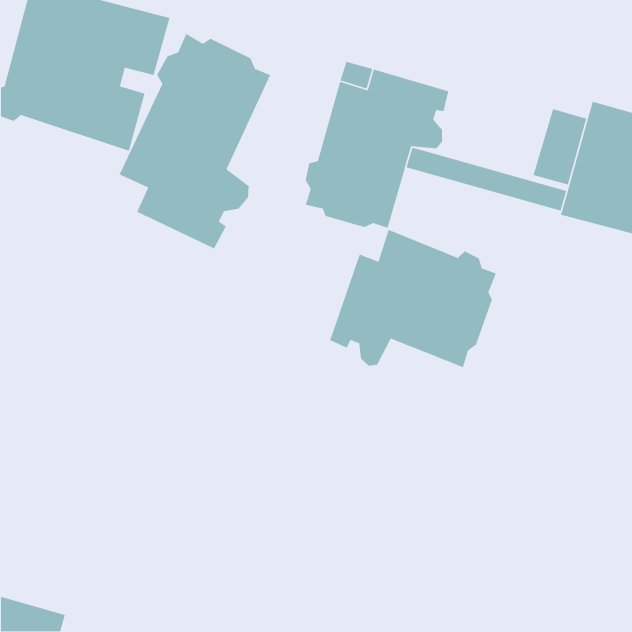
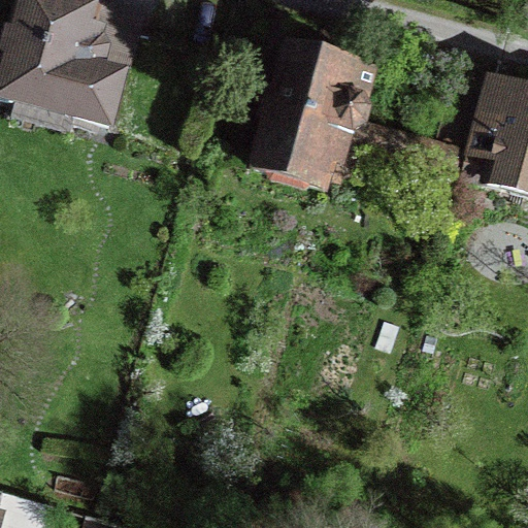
building: [118,33,271,250] -> none
building: [329,229,497,368] -> none

